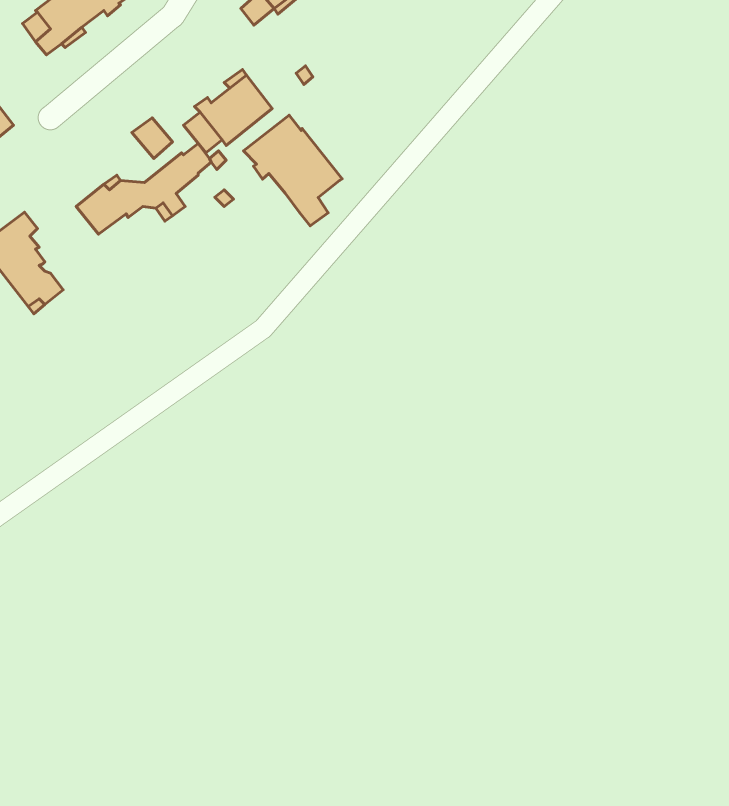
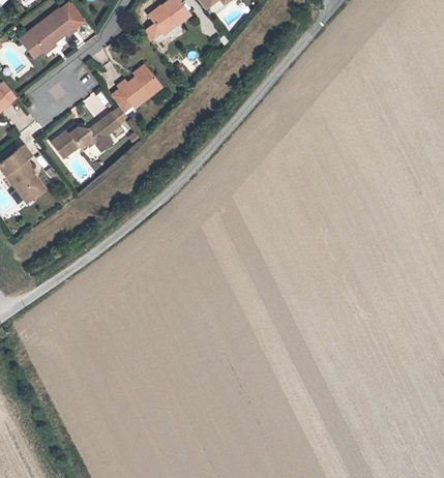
building: [244,115,342,226] -> none

